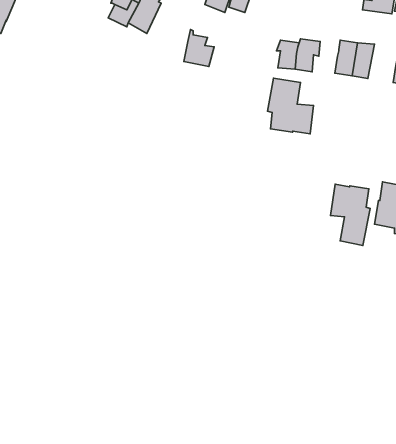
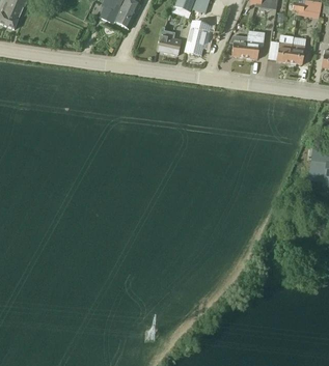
building: none -> [185,22,208,56]
building: [267,78,313,134] -> none
building: [331,184,370,246] -> none

